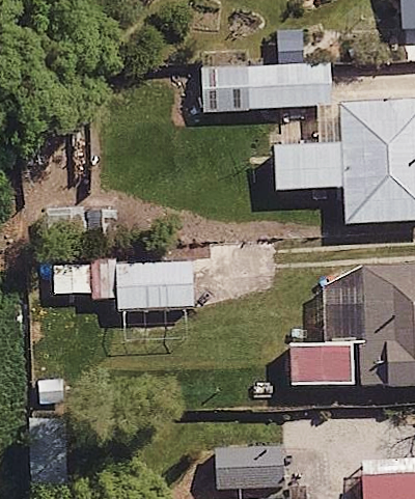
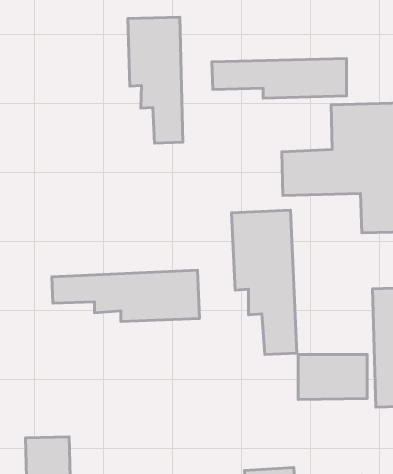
building: none -> [128,17,183,143]
building: none -> [232,210,297,355]

